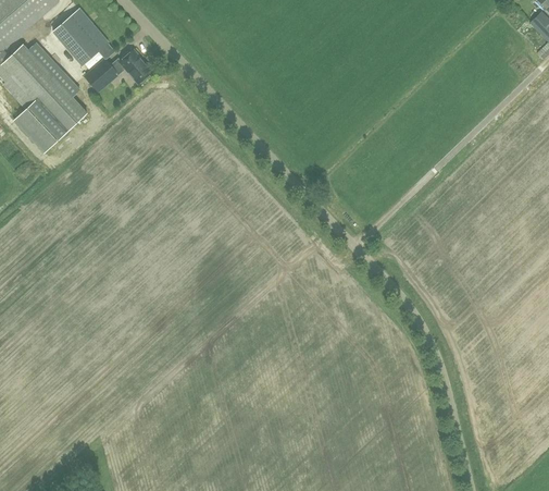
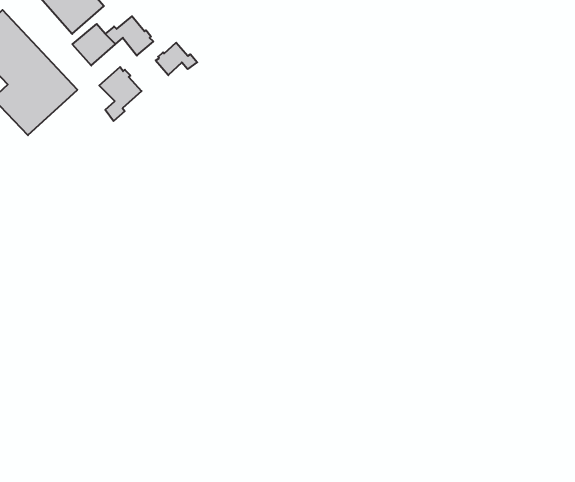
building: none -> [156,43,197,75]
building: none -> [99,67,142,121]

